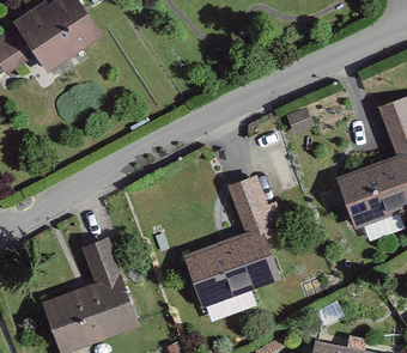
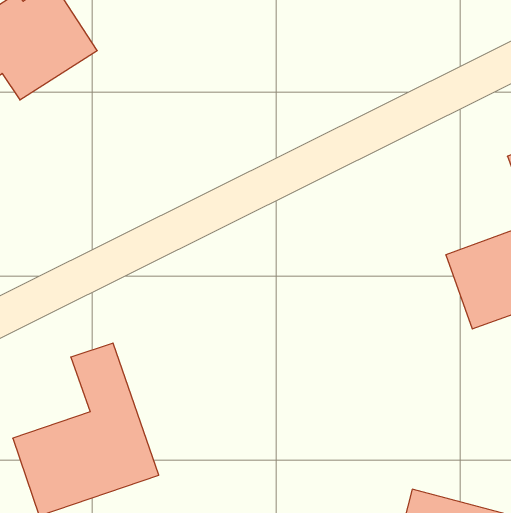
building: [181,171,279,309] -> none

